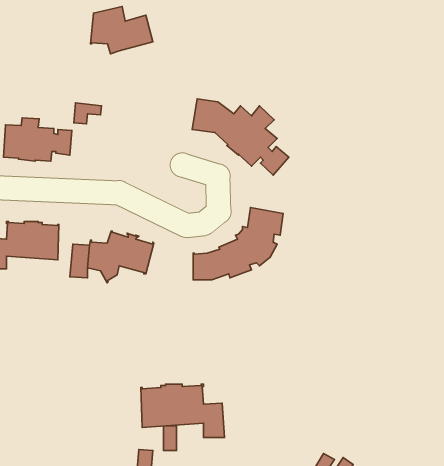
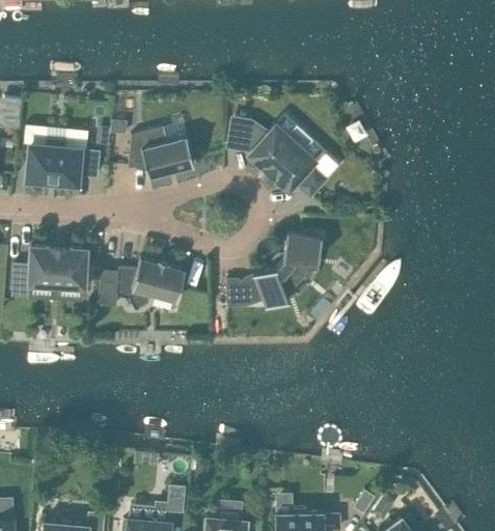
building: [91,6,153,54] -> [128,128,193,177]
building: [141,384,225,437] -> none

